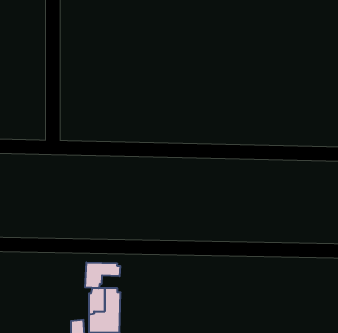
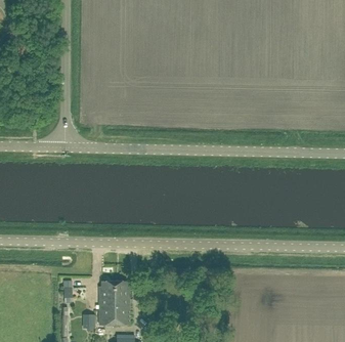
building: [85,262,120,288] -> none

